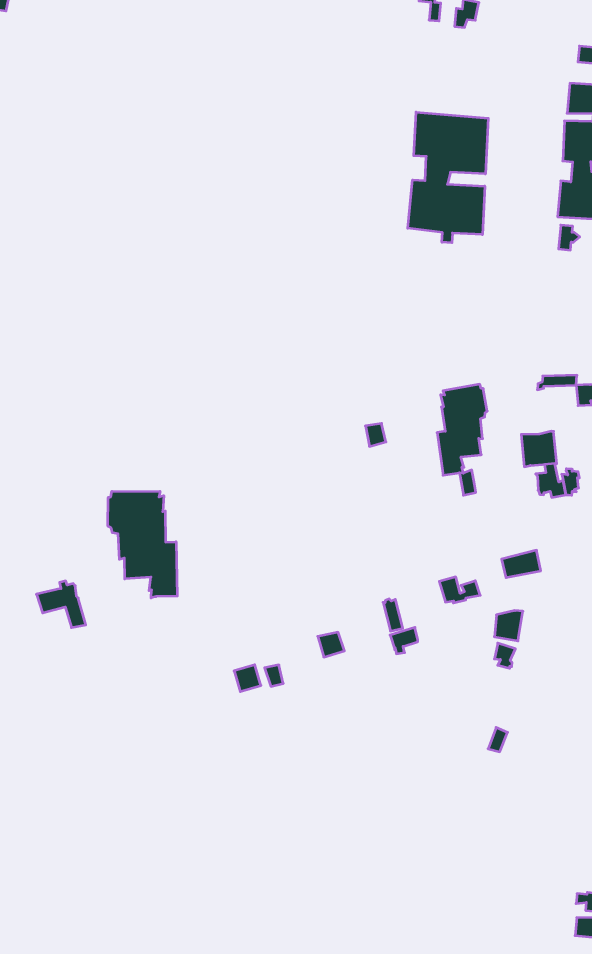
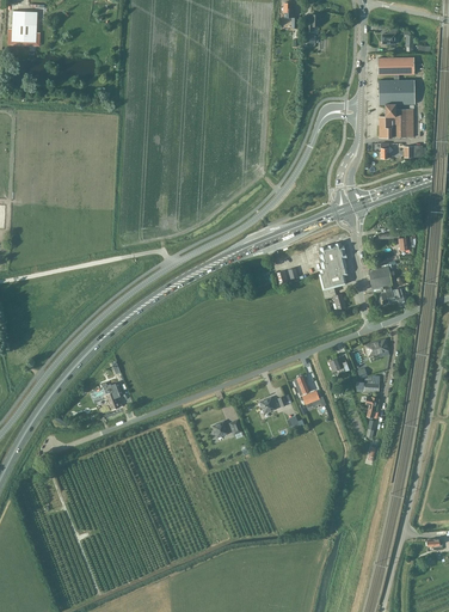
building: [408,112,488,243] -> none
building: [108,491,177,598] -> none

